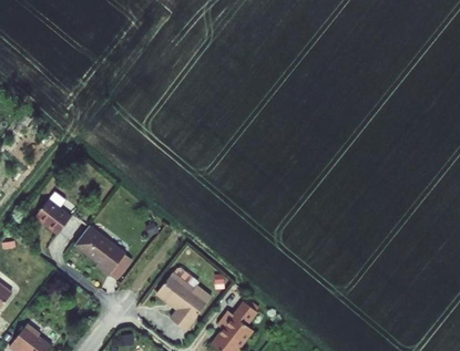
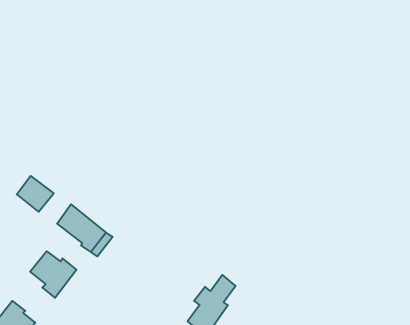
building: [156,271,211,332] -> none
building: none -> [30,251,76,298]

